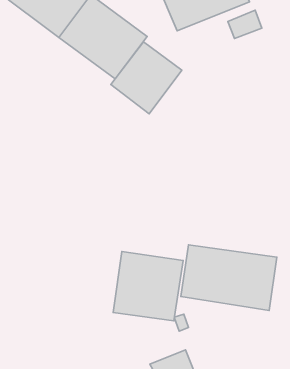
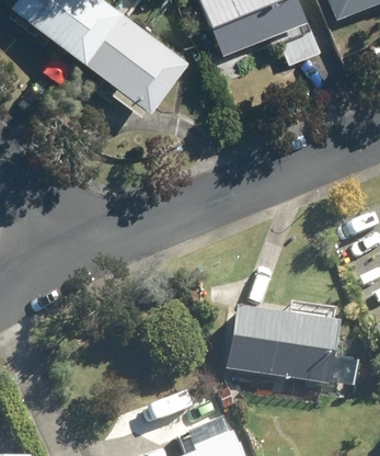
building: [111,42,182,114] -> none
building: [113,252,183,321] -> none

